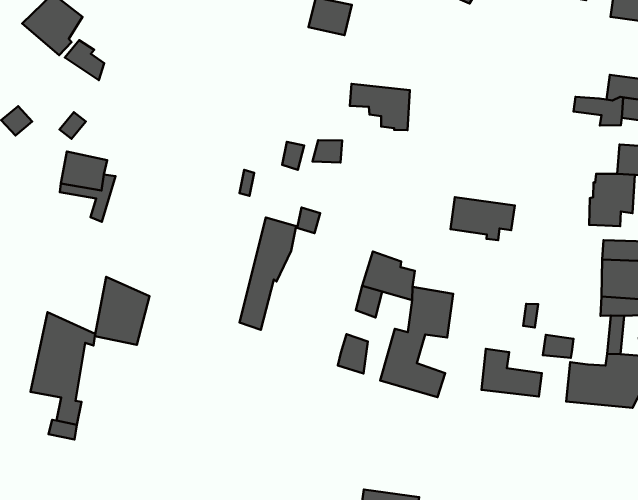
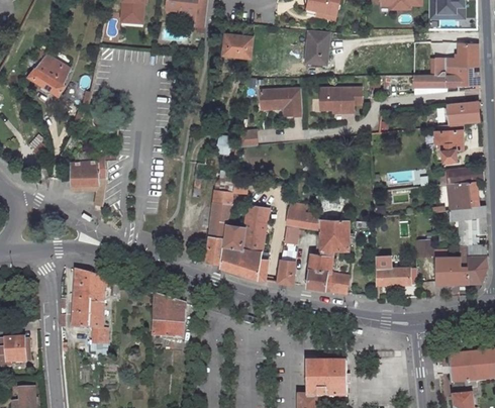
building: none -> [306,29,330,63]
building: [450,197,515,240] -> [318,86,360,111]
building: none -> [220,203,270,279]
building: [95,277,149,345] -> [152,295,185,338]

